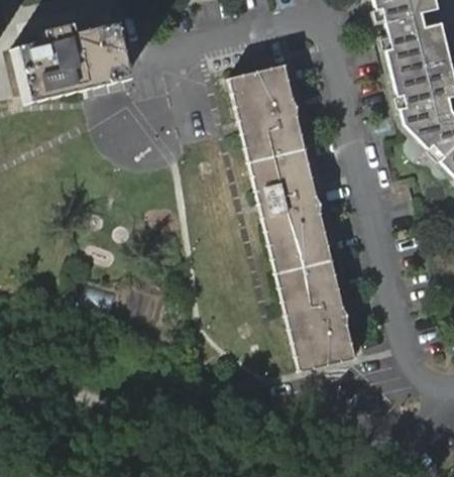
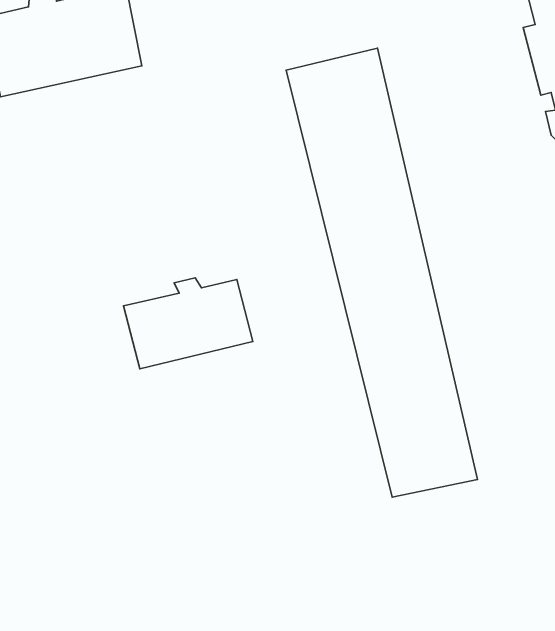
building: none -> [124,278,253,369]

